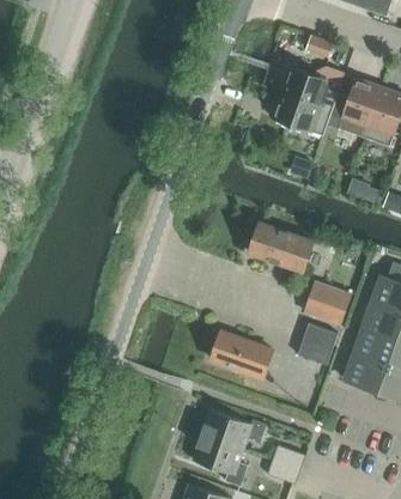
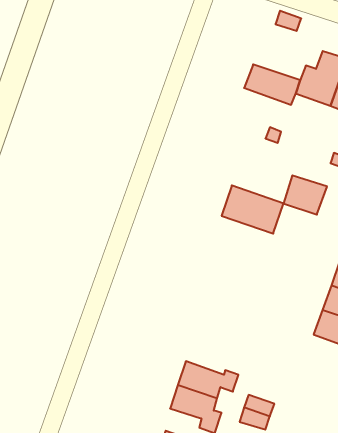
building: [281,66,340,109] -> none
building: [304,281,351,323] -> [283,175,327,215]
building: [297,322,338,365] -> none
building: [209,329,274,379] -> none

